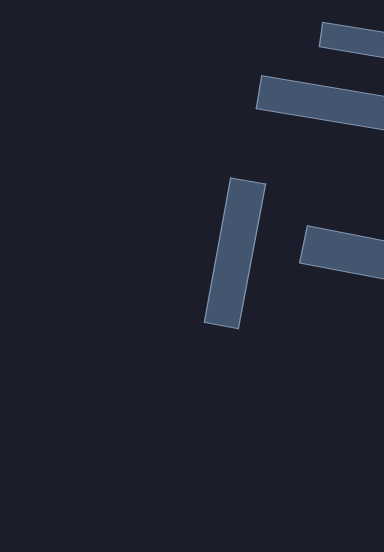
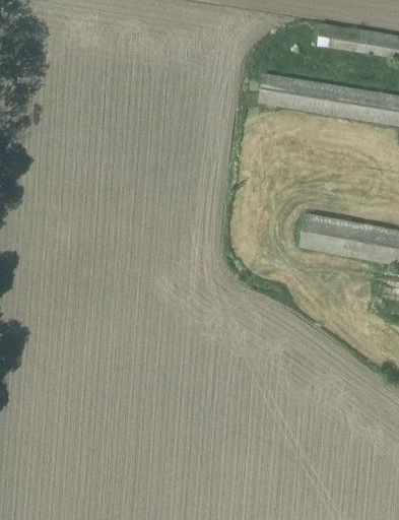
building: [205,178,266,329] -> none

